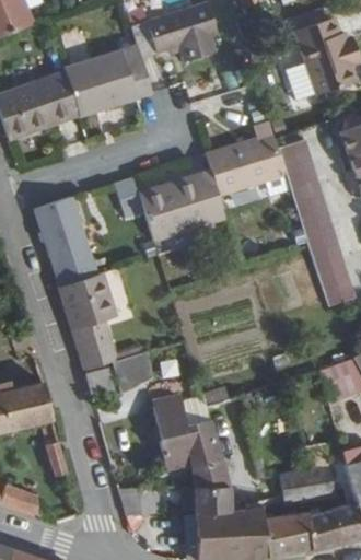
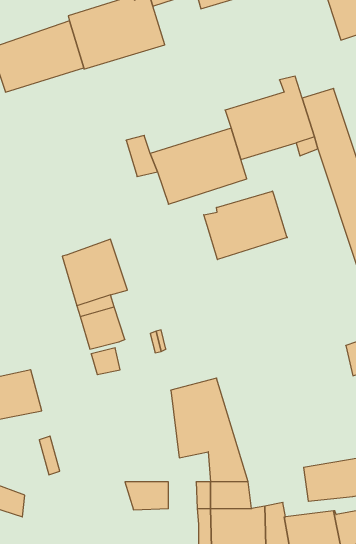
building: [37,195,114,284] -> none
building: none -> [204,191,287,260]

